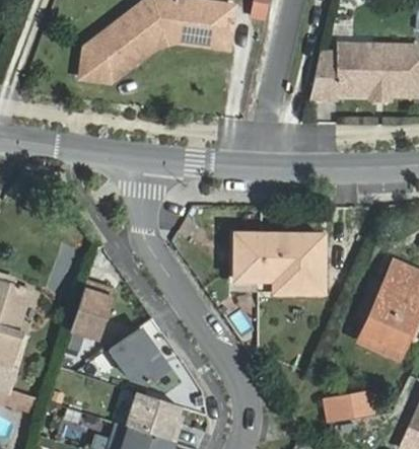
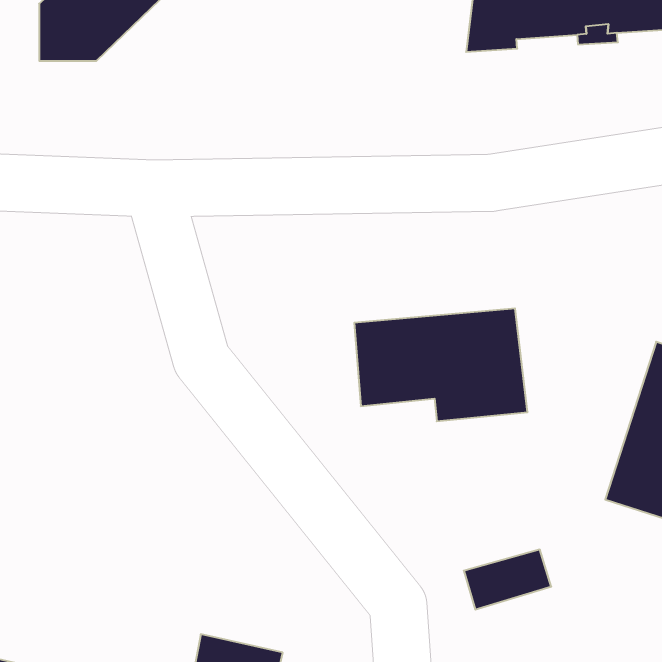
building: [70,281,115,340] -> none
building: [109,327,169,384] -> none
building: [327,393,372,422] -> [464,550,551,610]

